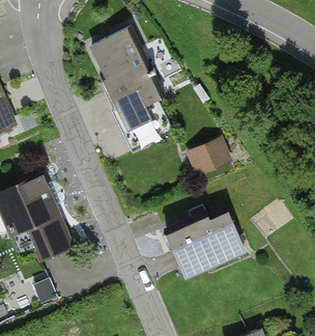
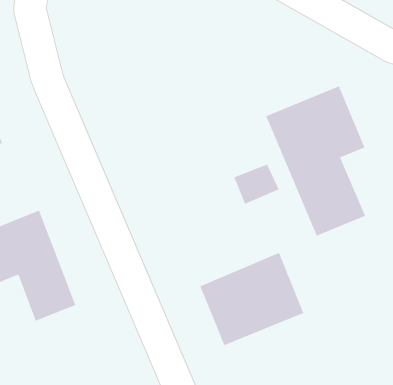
building: [92,32,167,135] -> none
building: none -> [265,86,366,237]

